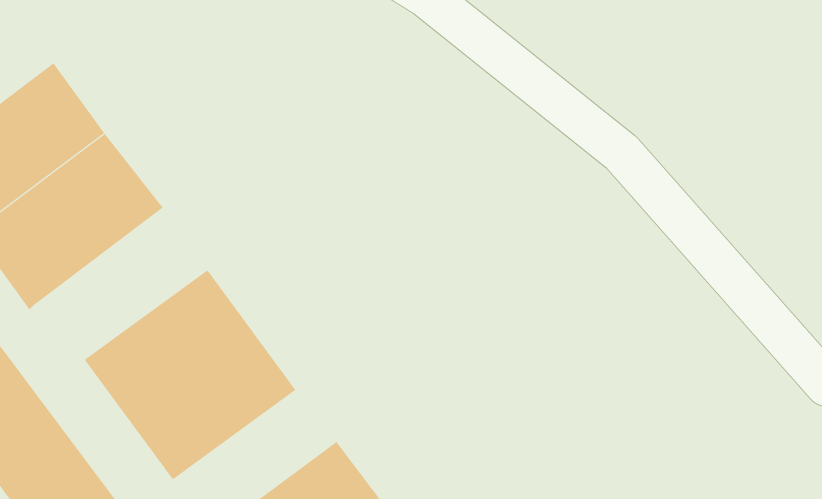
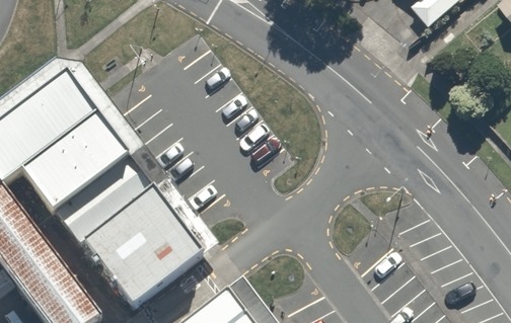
building: none -> [58,152,157,241]

